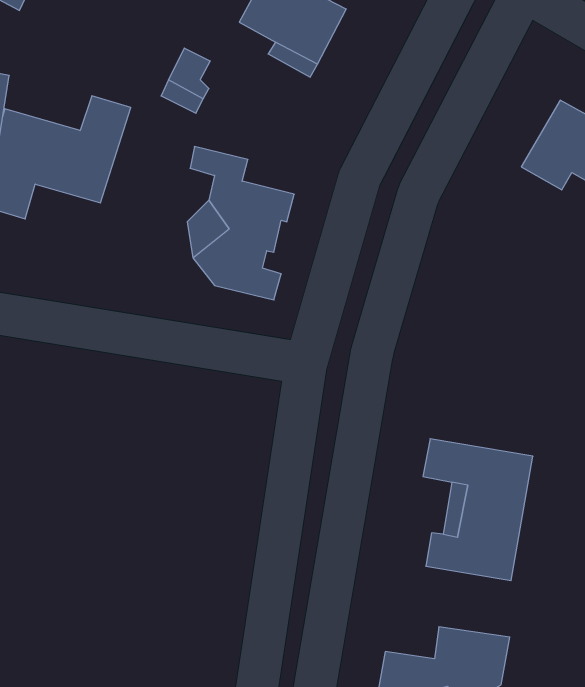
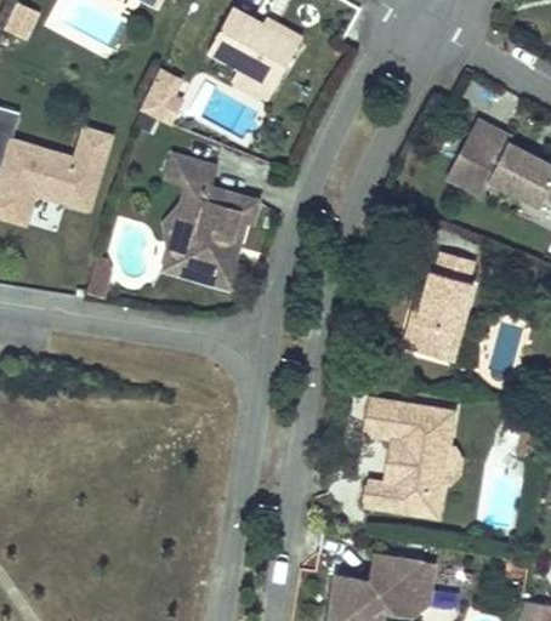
building: none -> [404,249,472,359]

